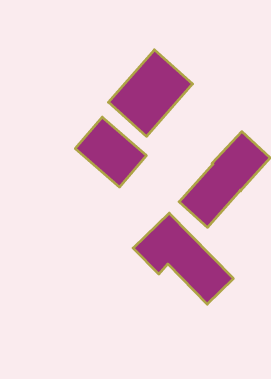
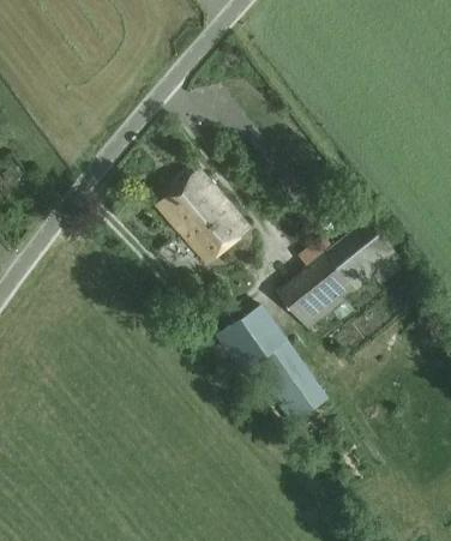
building: [108,50,193,136] -> none

